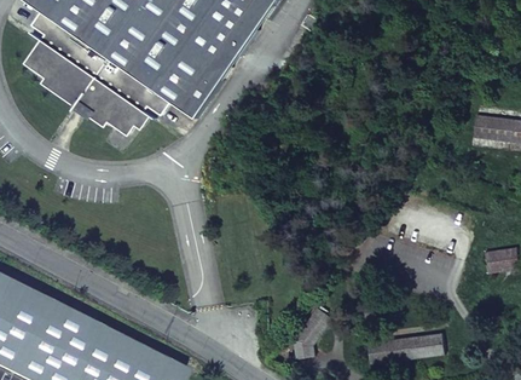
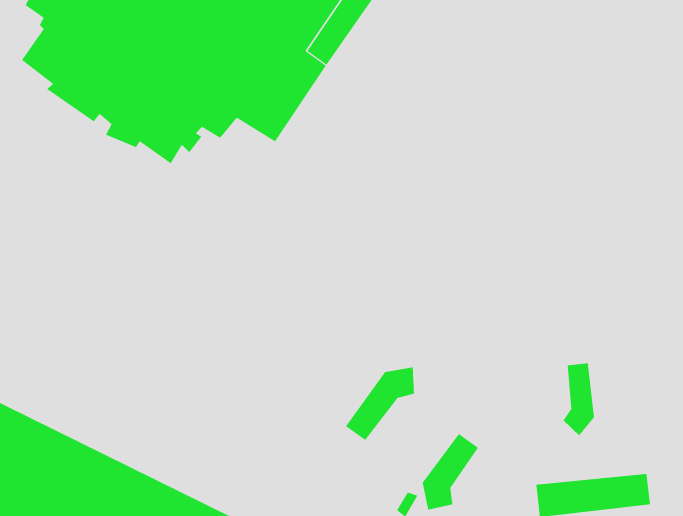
building: none -> [563,363,595,436]
building: none -> [345,367,415,441]

